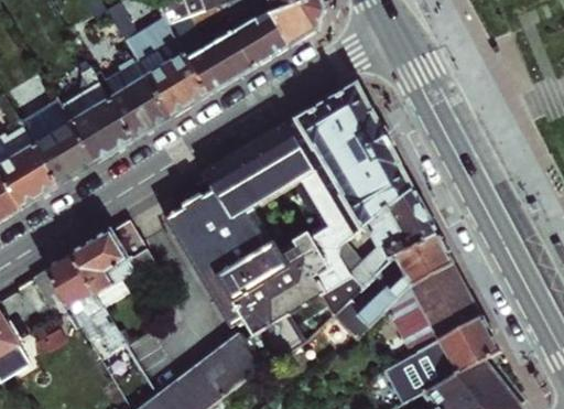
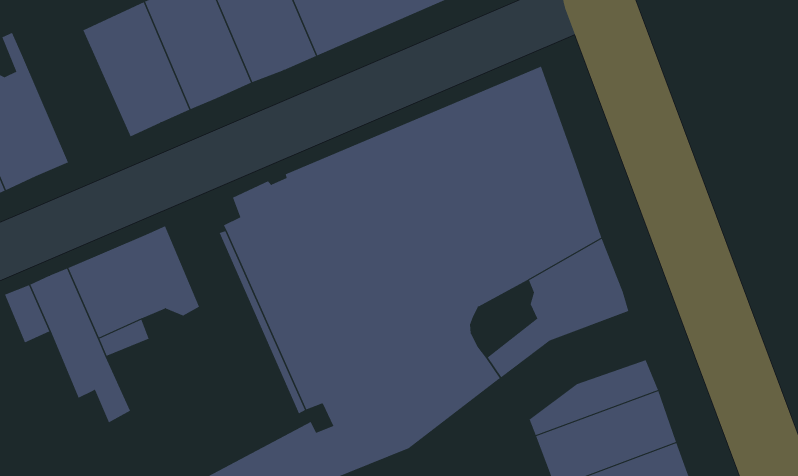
building: [20,99,97,186] -> none
building: [358,232,452,324] -> none

